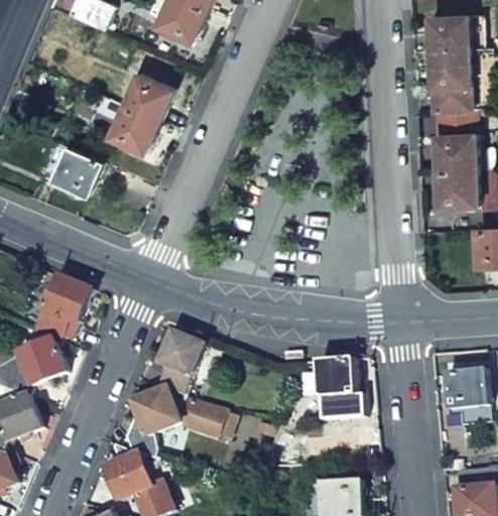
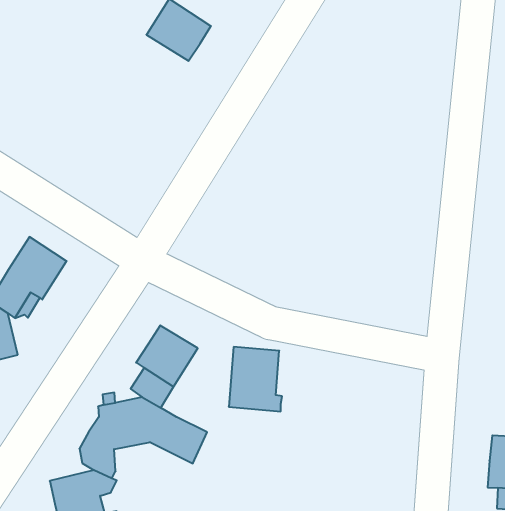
building: [109,105,158,151] -> none
building: [37,141,102,194] -> none
building: [317,359,362,409] -> [229,347,282,411]

